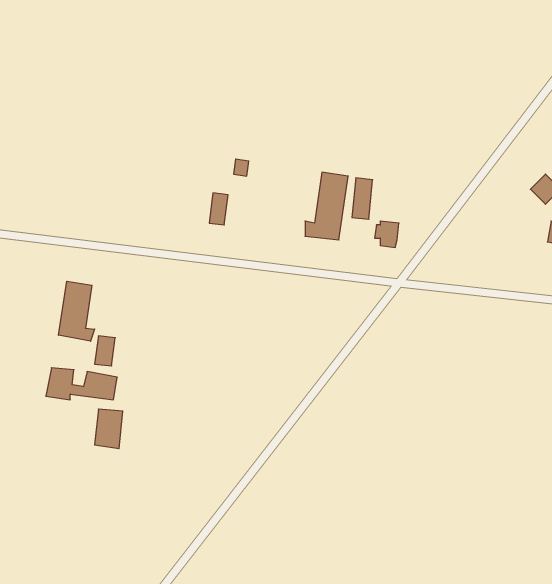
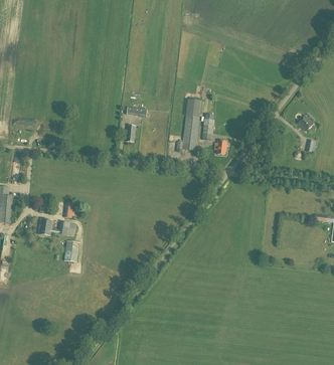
building: [59,281,95,341] -> none

